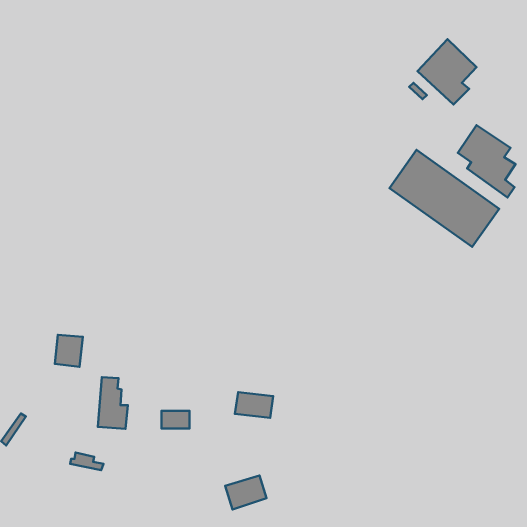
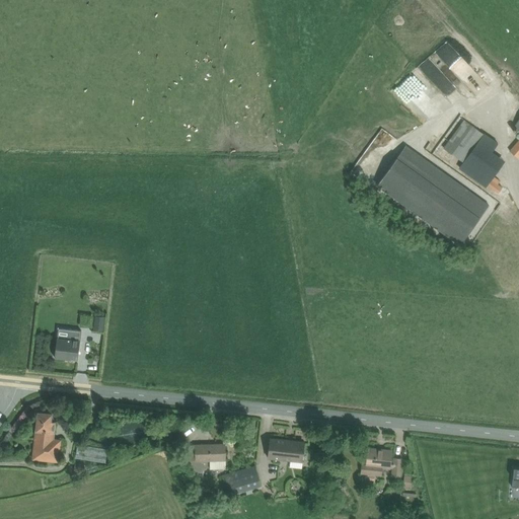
building: [98,377,128,429] -> [31,413,61,463]
building: [235,392,273,418] -> [268,438,305,463]
building: [162,411,189,429] -> [192,444,219,461]
building: none -> [361,448,392,476]

